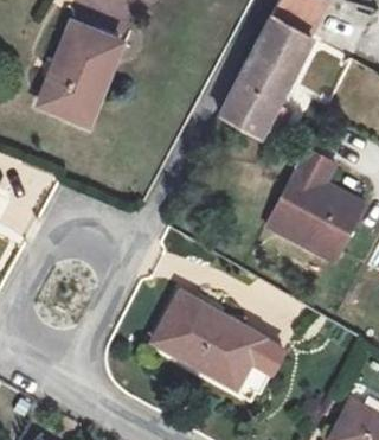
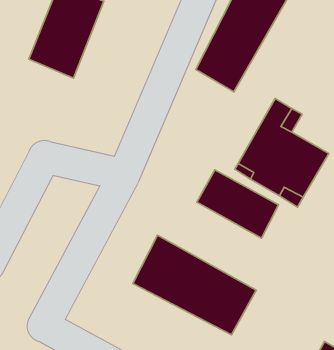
building: none -> [197,170,279,238]

